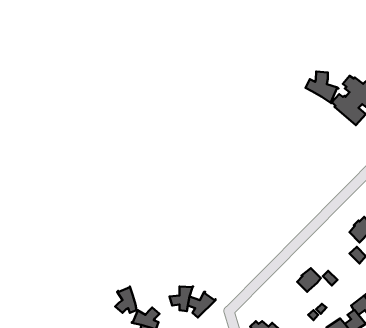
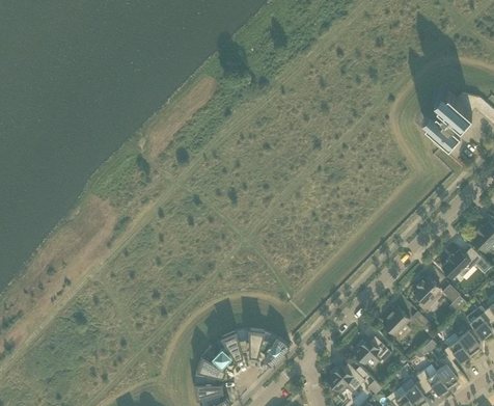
building: [306,72,338,103] -> none
building: none -> [412,276,440,309]
building: [115,286,136,313] -> [218,329,242,359]
building: none -> [353,341,391,363]

